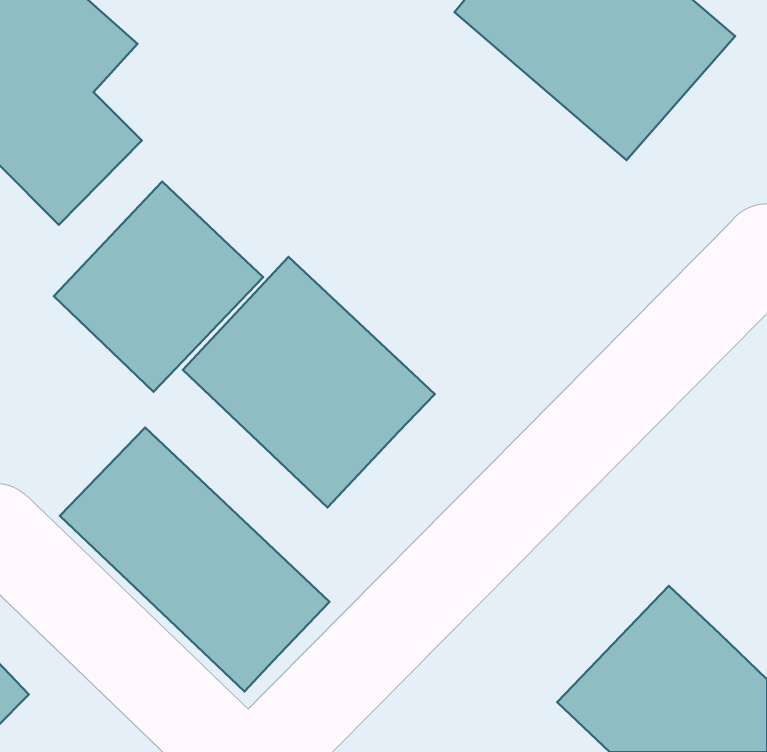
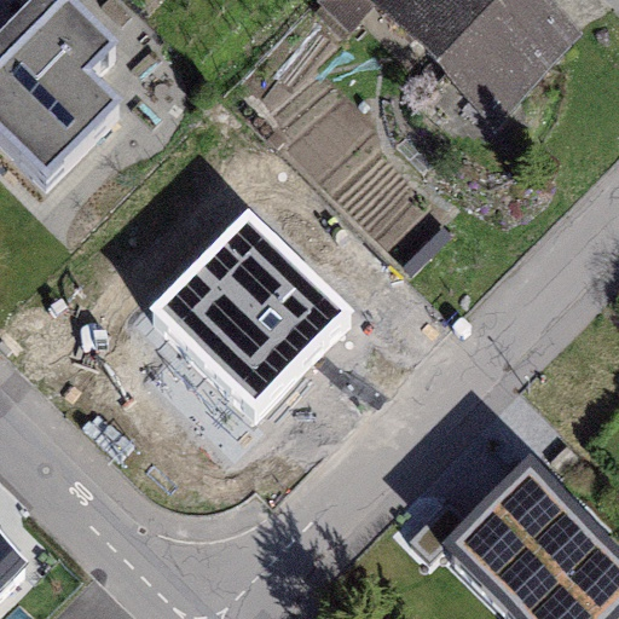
building: [54,182,263,392] -> none
building: [60,427,330,692] -> none

